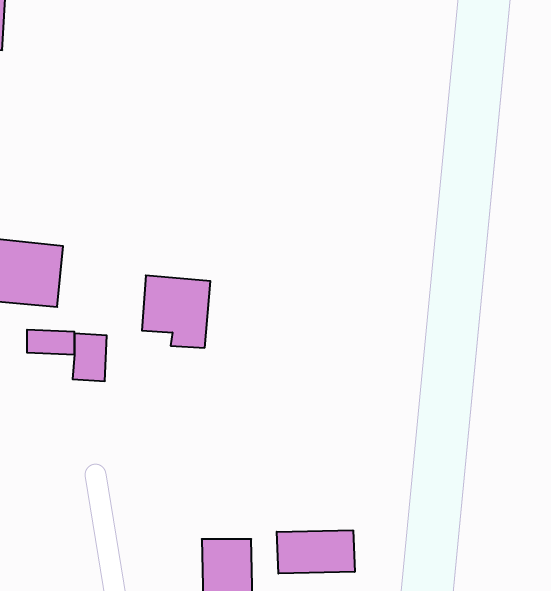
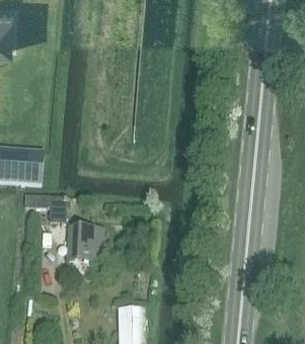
building: [142,275,210,348] -> [67,226,103,264]
building: [277,530,355,574] -> none

